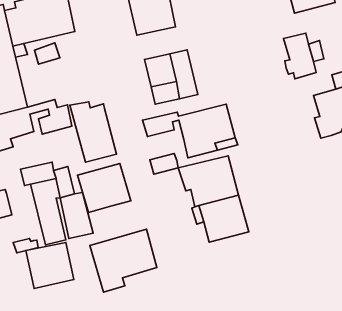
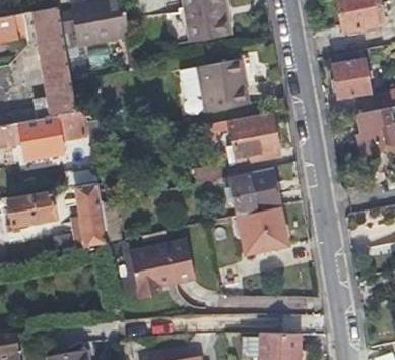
building: [70,102,116,162] -> none
building: [78,164,131,213] -> none
building: [26,243,74,288] -> none

